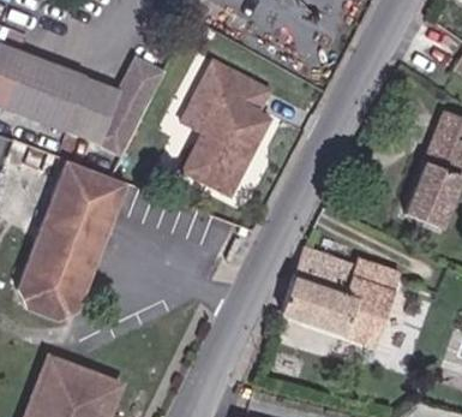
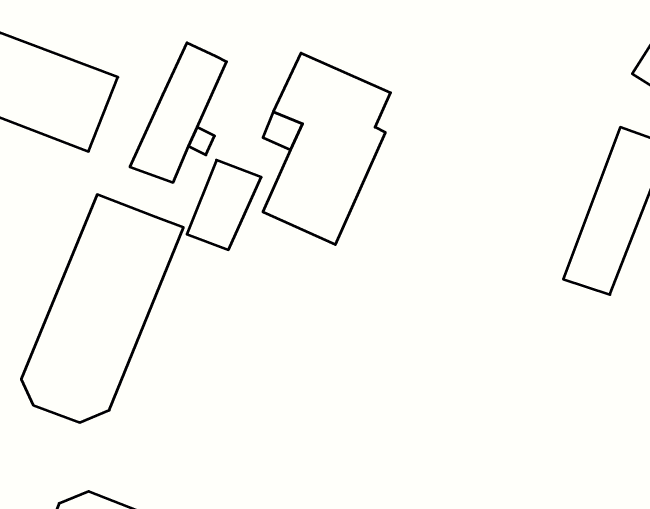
building: [67,79,119,142] -> [187,160,261,250]
building: [275,244,396,344] -> none

